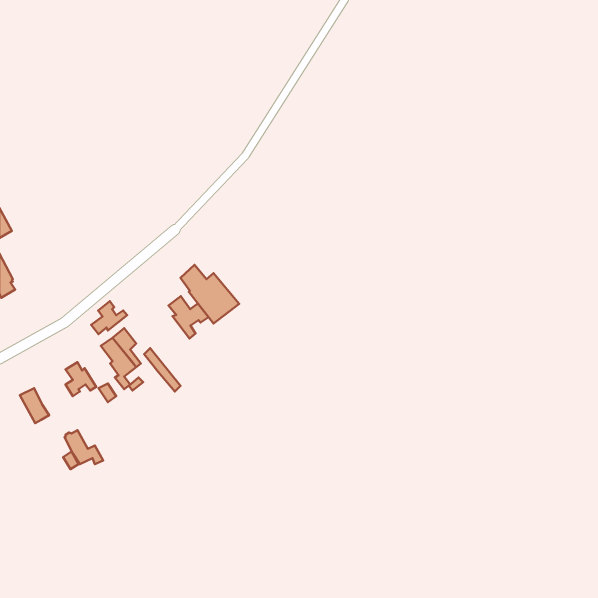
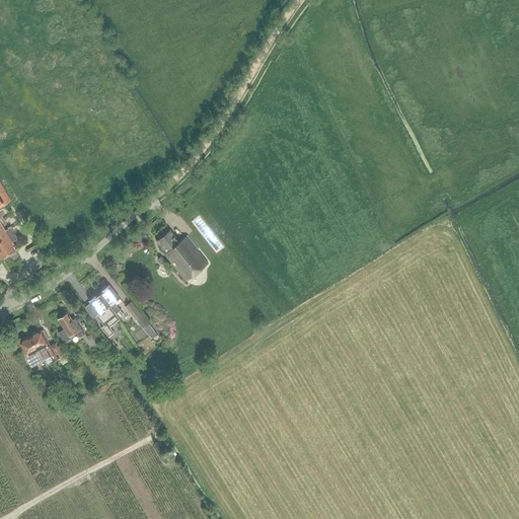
building: [169,296,208,338] -> none
building: [91,301,127,334] -> none
building: [64,430,103,464] -> [29,329,63,359]

